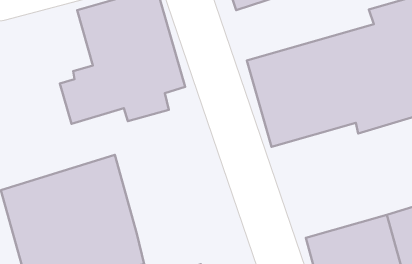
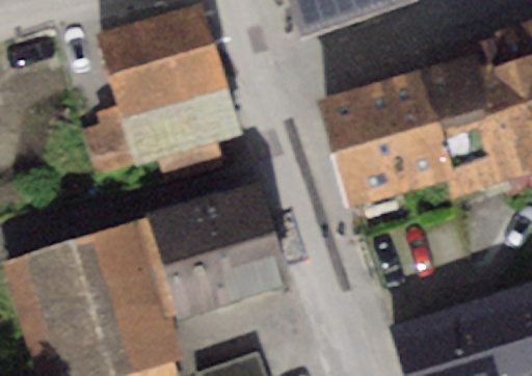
building: none -> [150,185,291,317]

